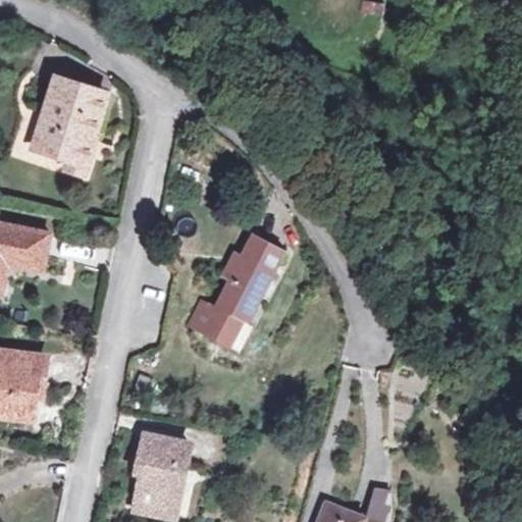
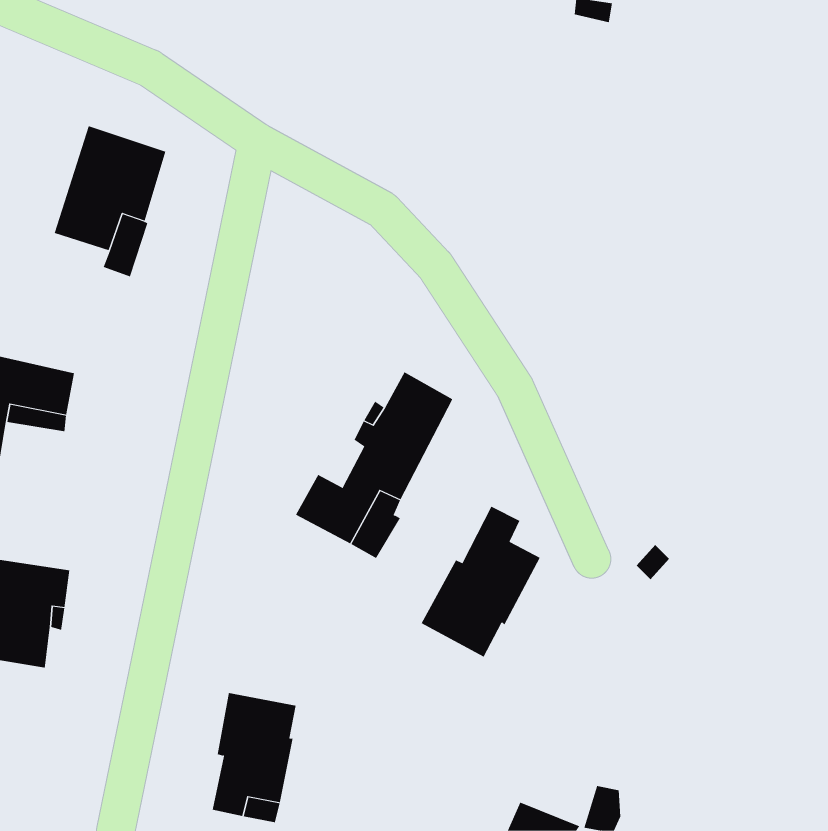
building: none -> [421,506,540,657]

